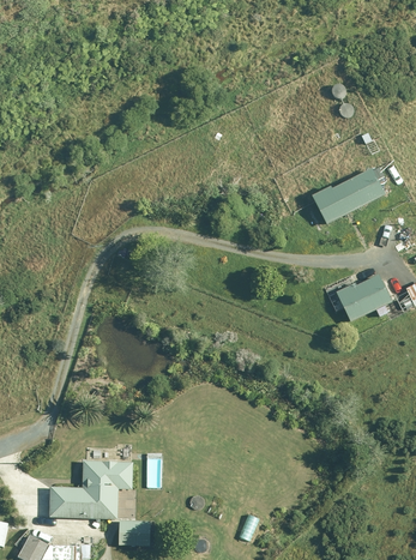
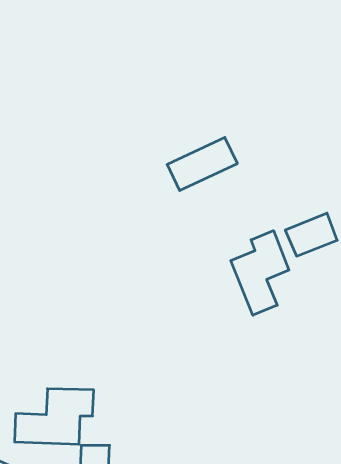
building: [311,167,385,223] -> [167,137,237,191]
building: none -> [231,231,289,315]

